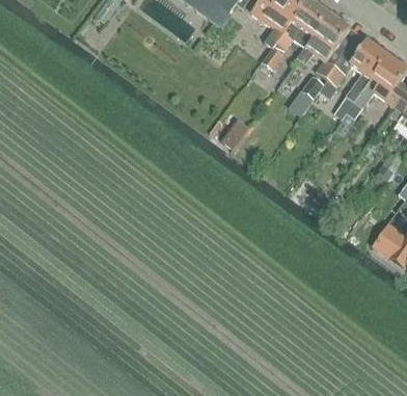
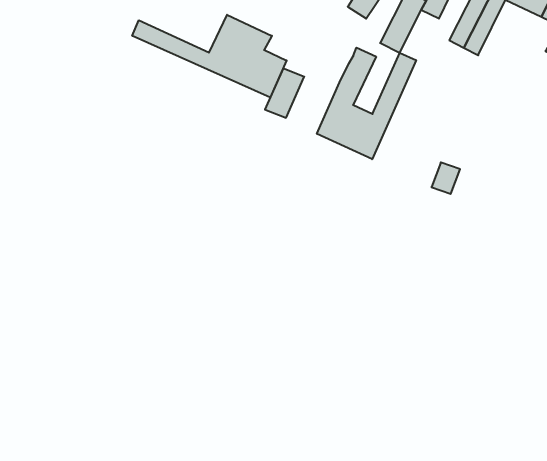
building: none -> [132,15,287,97]
building: none -> [317,48,416,159]

